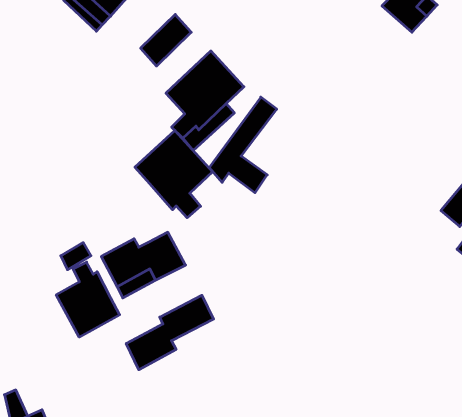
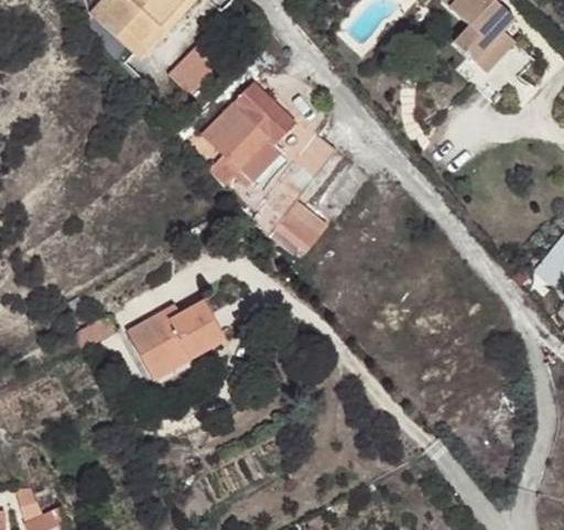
building: [135,130,213,218] -> none
building: [56,262,120,337] -> none
building: [126,295,214,370] -> none

